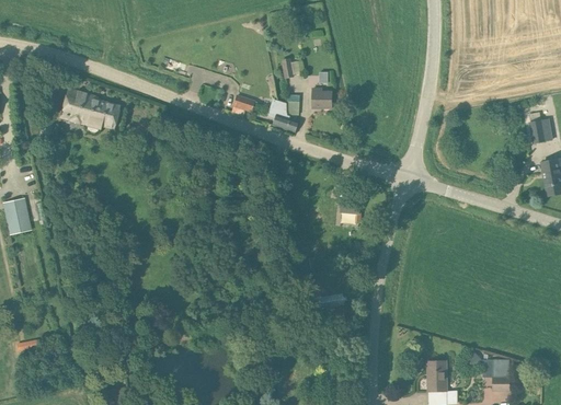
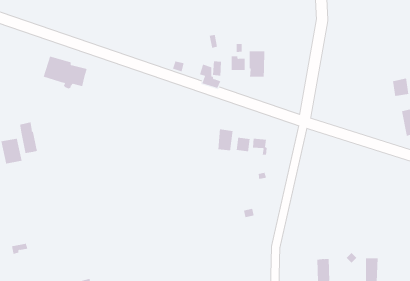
building: none -> [249,50,265,78]
building: none -> [19,121,38,154]
building: none -> [218,129,233,151]

